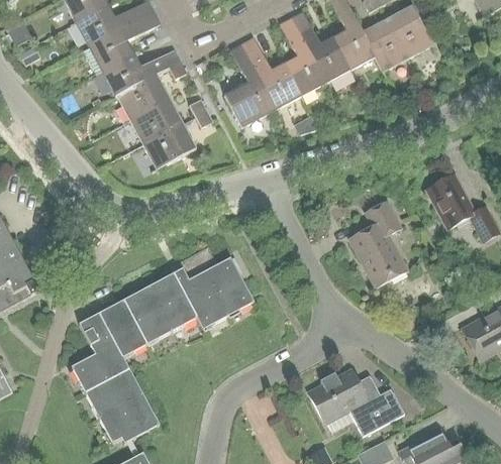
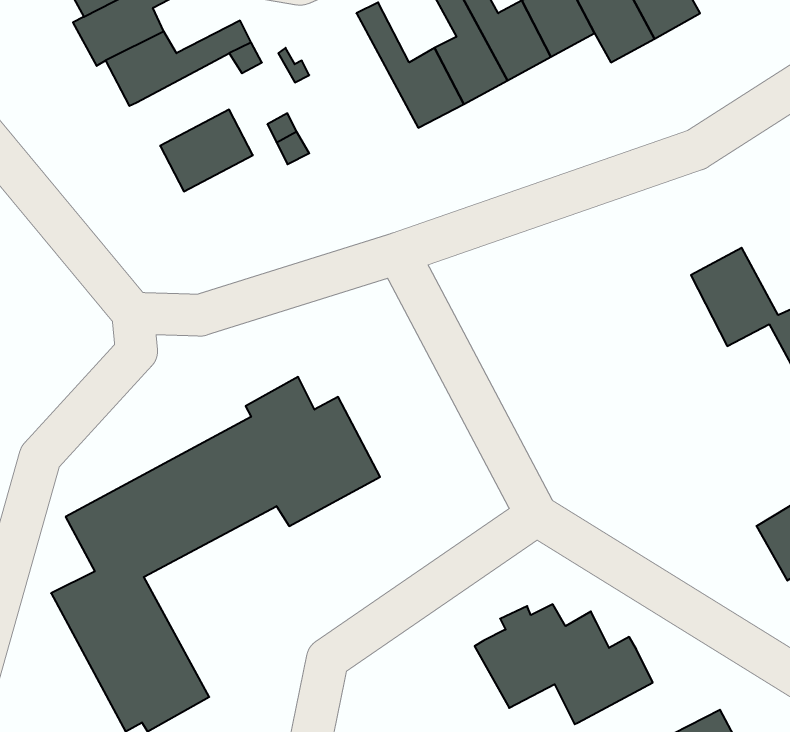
building: [223,44,275,127] -> none
building: [118,74,170,118] -> none
building: [144,123,196,168] -> none
building: [349,201,407,286] -> none

